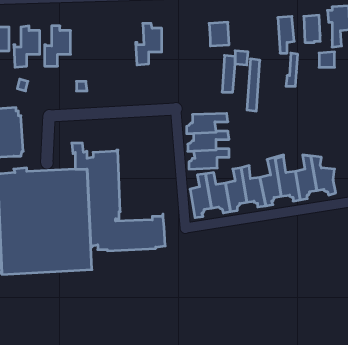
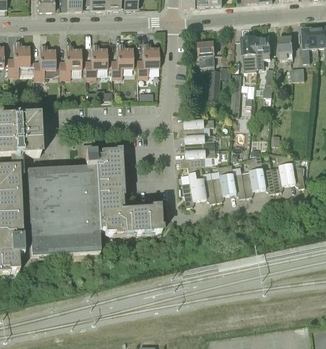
building: none -> [242,35,259,68]
building: none -> [86,43,108,78]
building: none -> [112,43,134,77]

